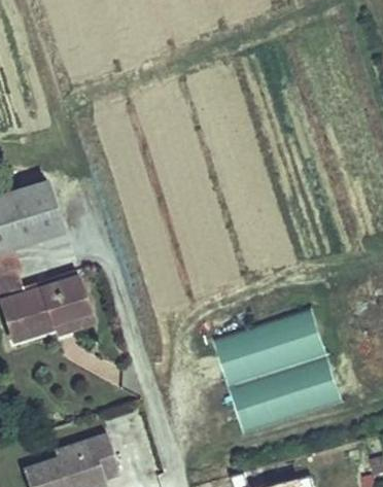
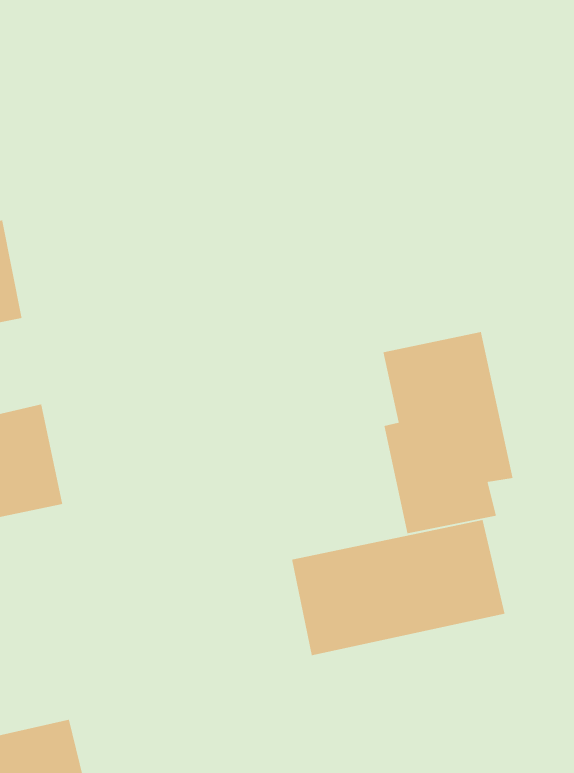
building: none -> [383,331,513,534]
building: [230,357,344,439] -> none

